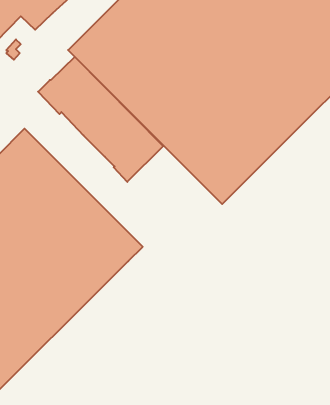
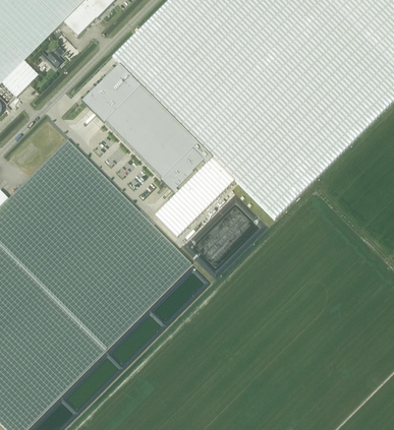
building: none -> [154,157,234,236]

